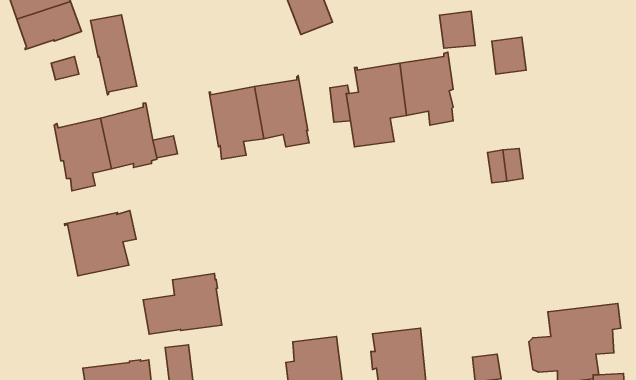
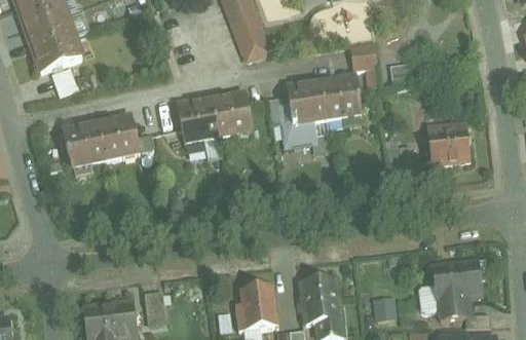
building: [90,15,137,95] -> none
building: none -> [426,122,469,163]
building: [64,210,136,276] -> none
building: [143,273,222,334] -> none

